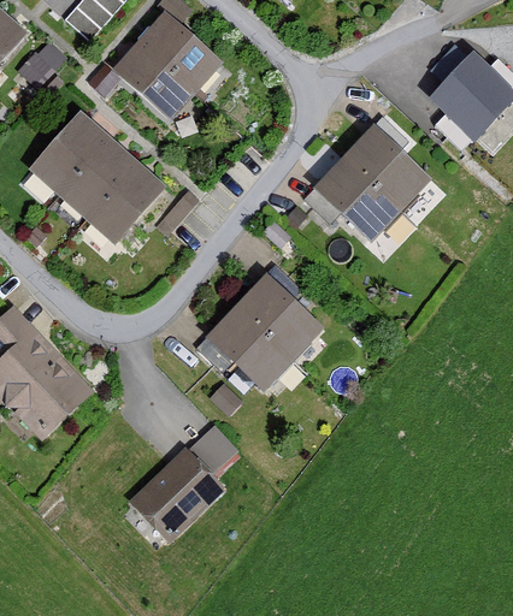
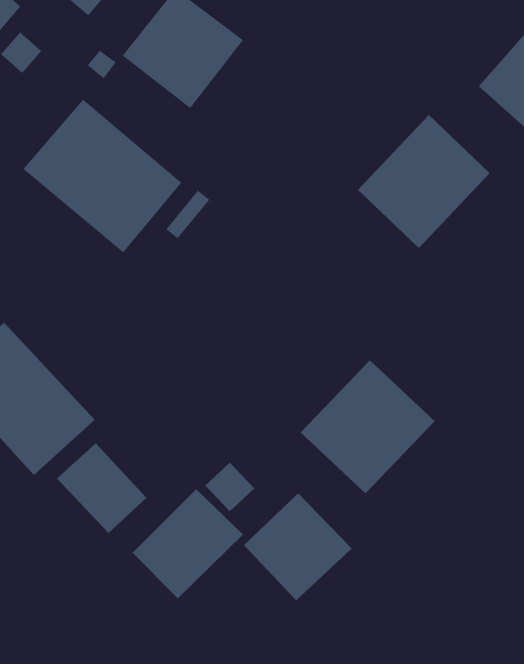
building: [210,273,326,389] -> [300,360,436,494]
building: none -> [56,443,147,534]
building: none -> [243,493,353,601]

